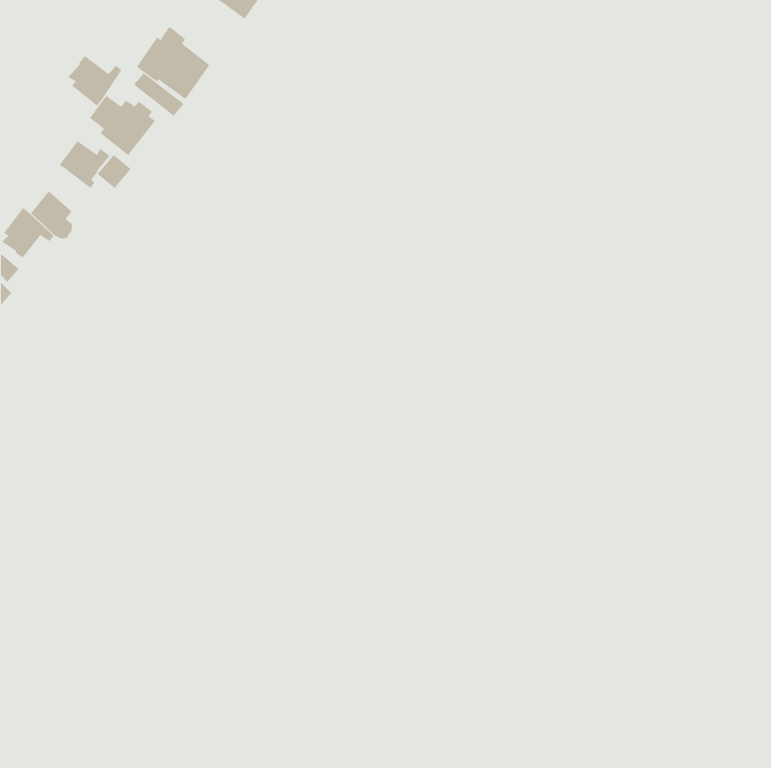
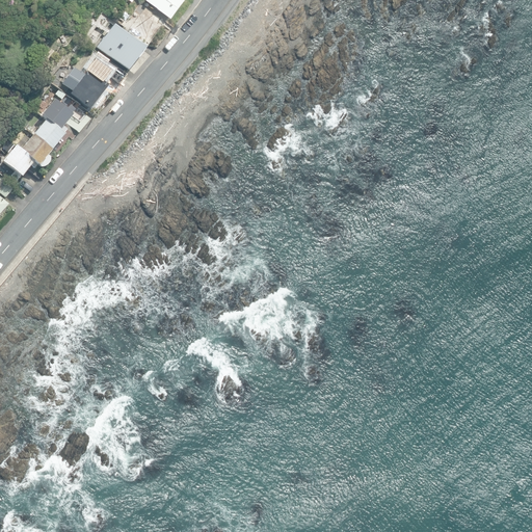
building: [68,55,122,107] -> none
building: none -> [34,116,63,145]

